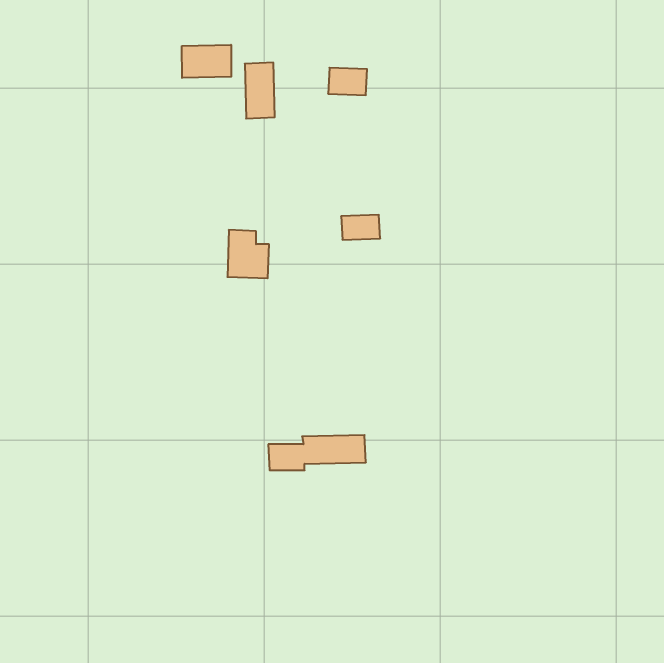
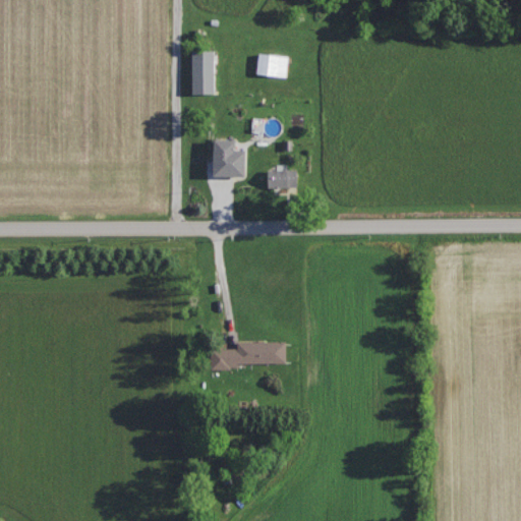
building: [182,45,231,78] -> none
building: [227,230,269,278] -> [213,139,245,177]

